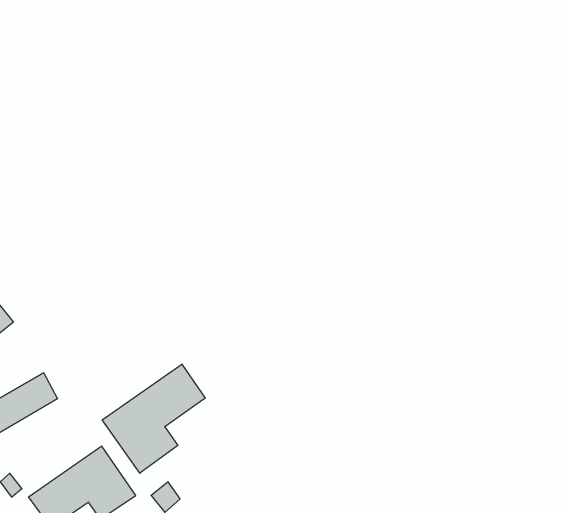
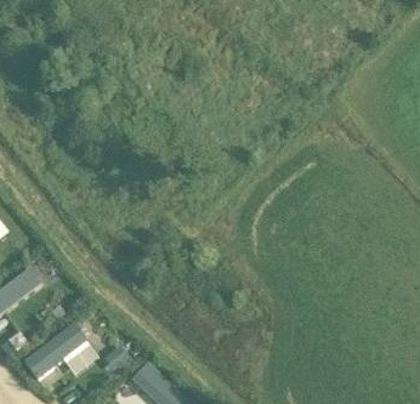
building: [102,364,205,473] -> none

